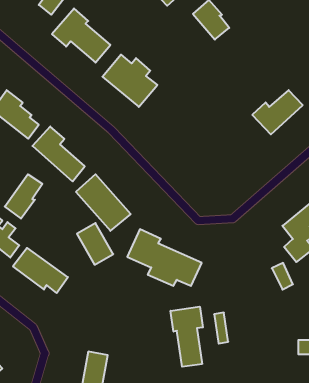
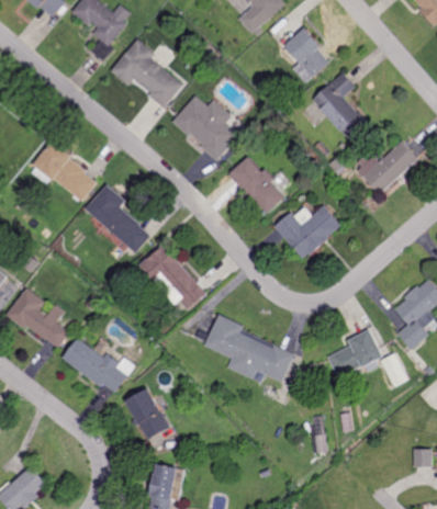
building: none -> [313,73,369,140]
building: none -> [228,155,282,213]
building: none -> [273,204,343,260]
building: [5,174,42,219] -> none
building: [77,223,113,265] -> [124,387,169,439]
building: none -> [325,328,382,377]
building: [171,307,203,367] -> none

